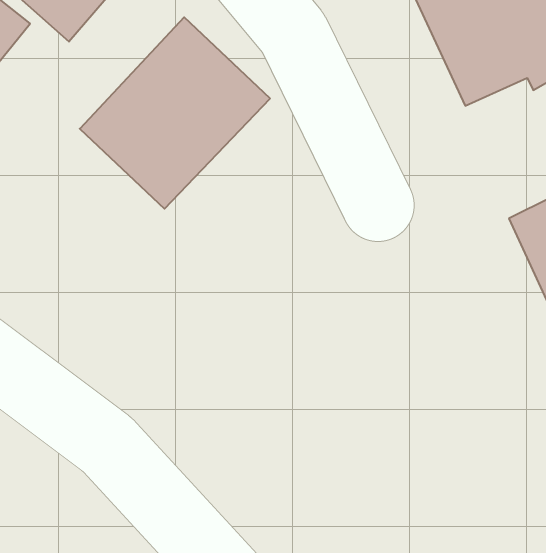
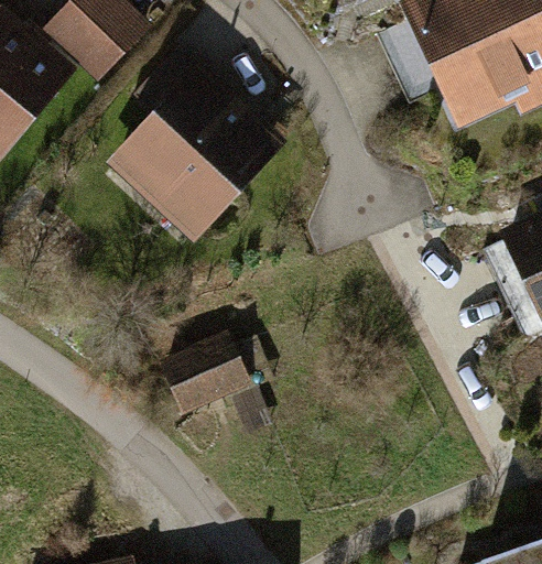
building: none -> [156,326,253,408]

